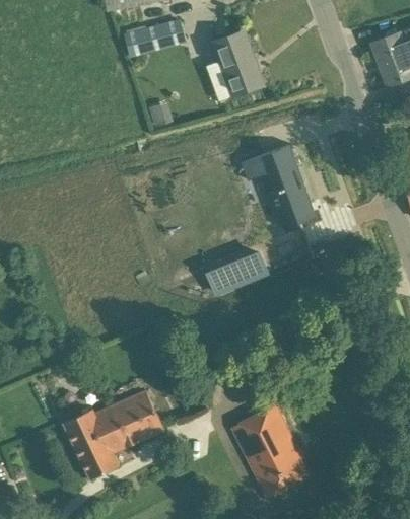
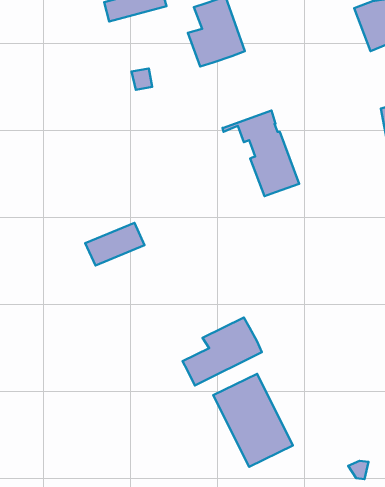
building: [208,251,267,294] -> [85,223,145,266]
building: none -> [183,318,262,386]
building: [64,390,164,478] -> none

